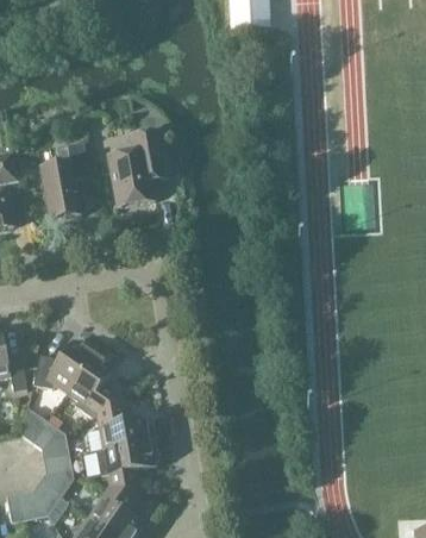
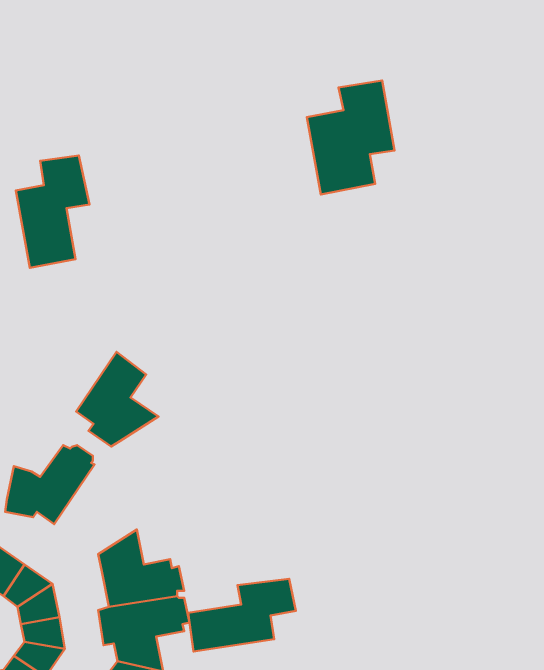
building: [108,131,168,208] -> [307,80,395,195]
building: [67,354,123,418] -> [76,352,159,447]
building: none -> [188,579,296,652]

